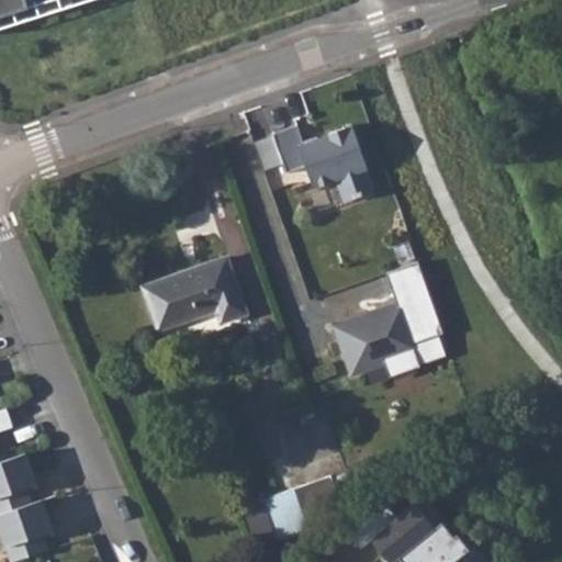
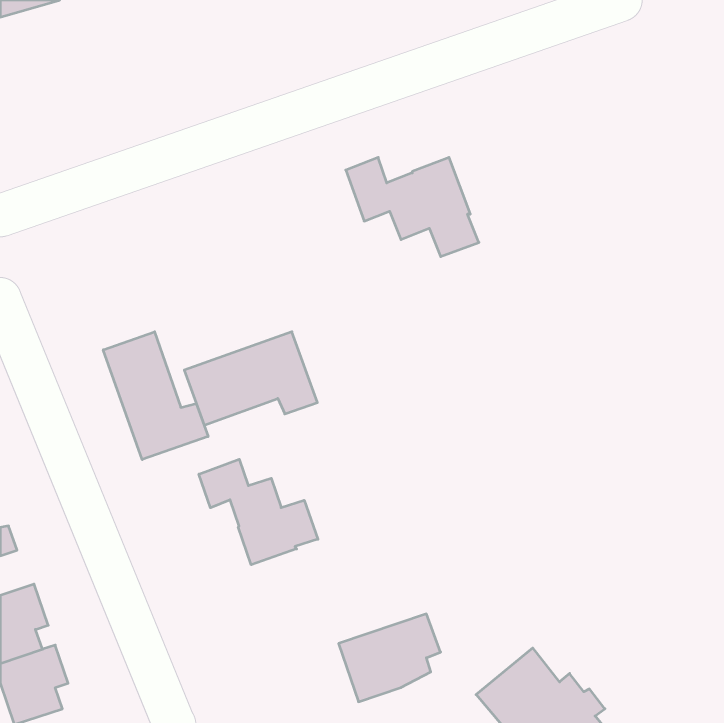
building: none -> [103,332,208,460]
building: [334,260,442,376] -> none
building: none -> [199,459,318,565]

